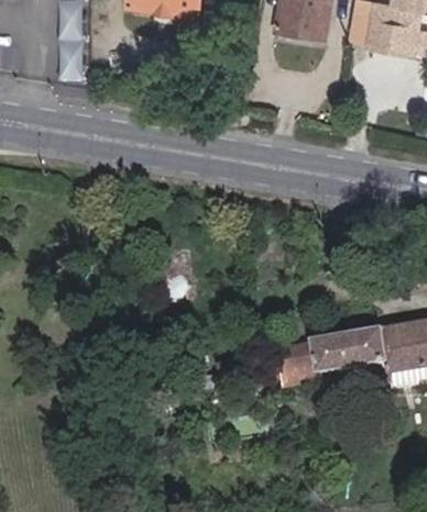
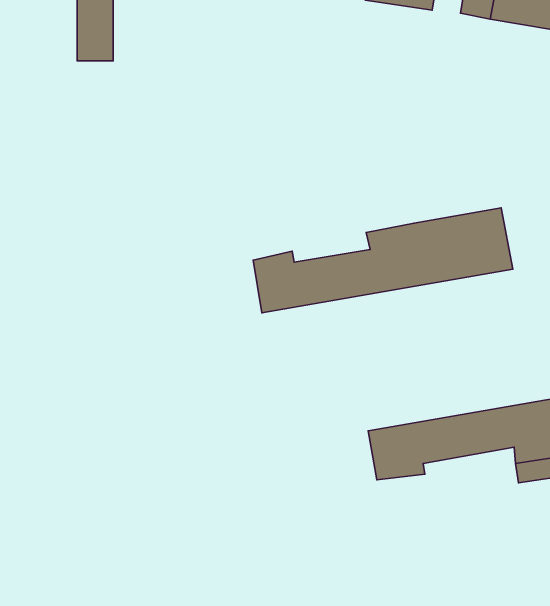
building: none -> [253,208,513,313]

